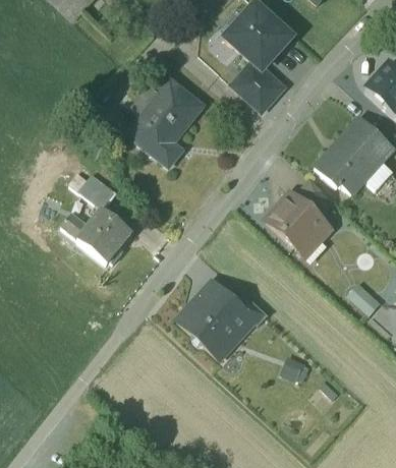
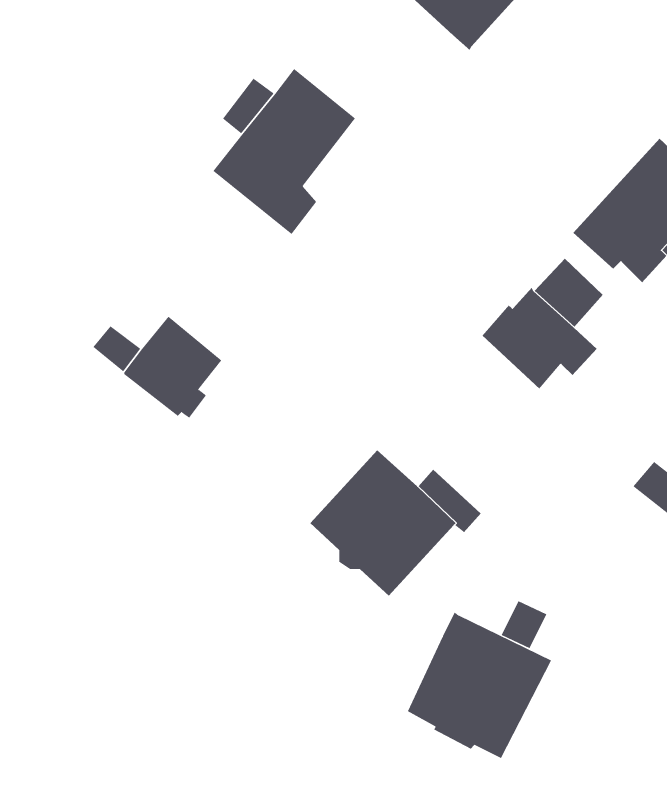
building: [232,62,283,111] -> none
building: [80,174,117,210] -> none
building: none -> [407,611,552,759]

